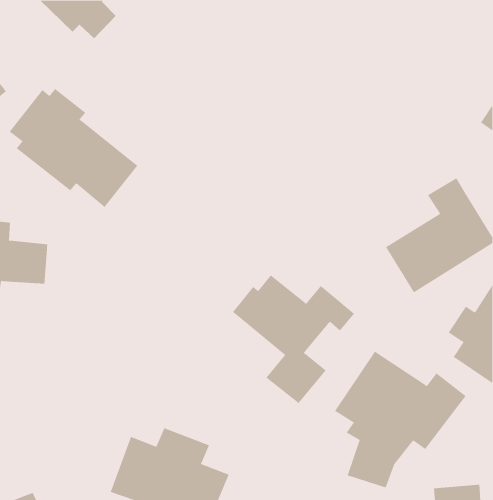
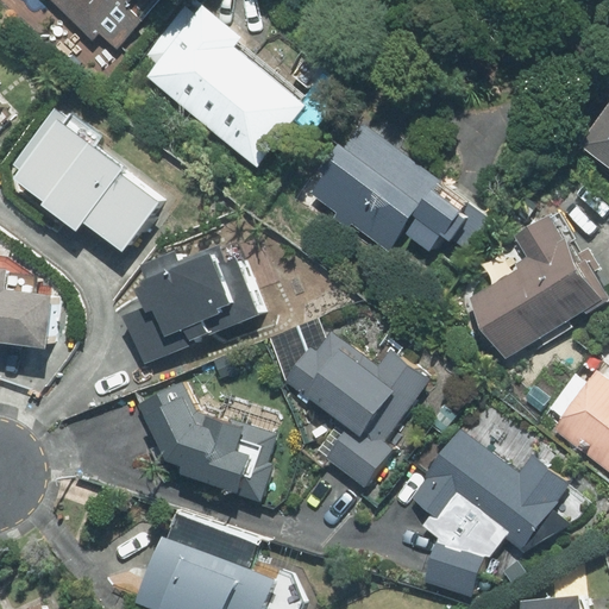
building: none -> [147,6,309,169]
building: none -> [307,118,470,255]
building: none -> [125,247,265,366]
building: none -> [136,383,255,492]

